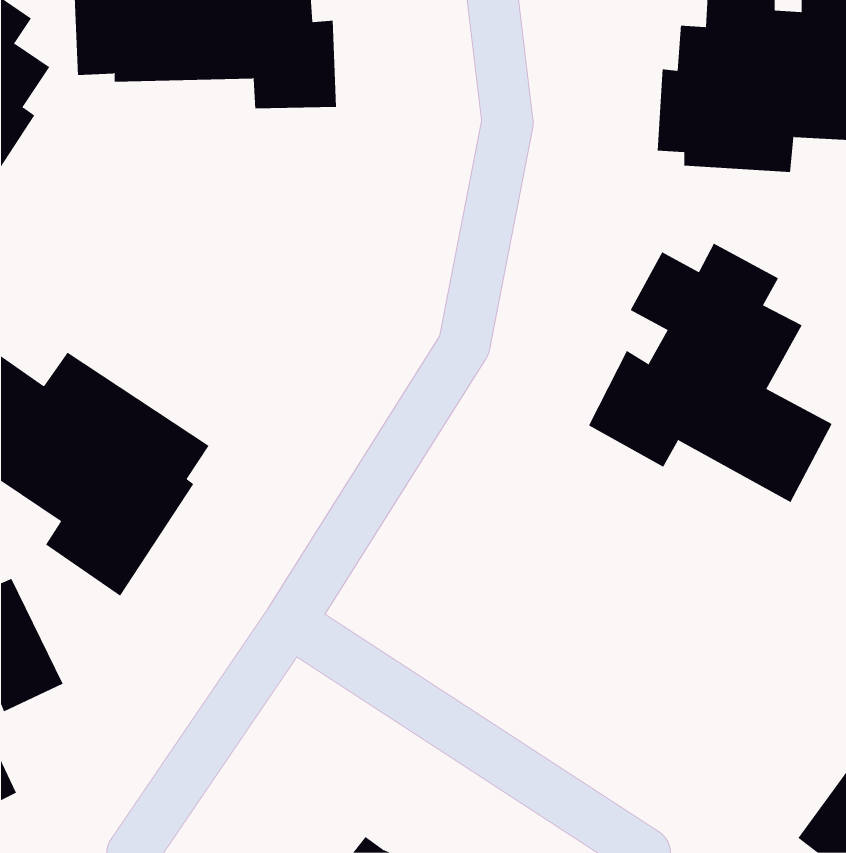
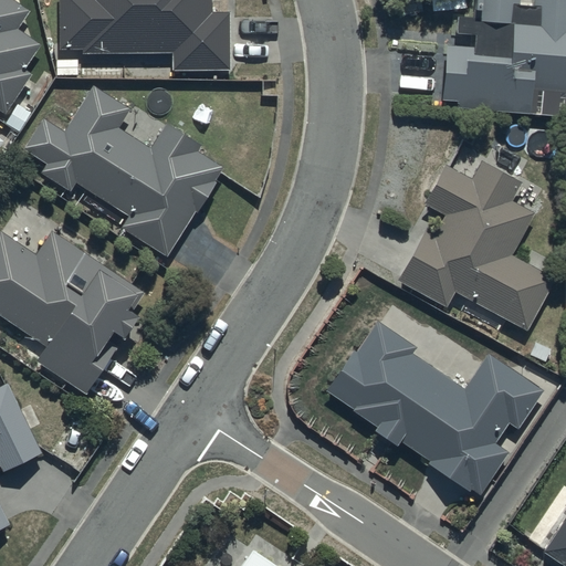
building: none -> [22,88,223,256]
building: none -> [325,321,541,497]

